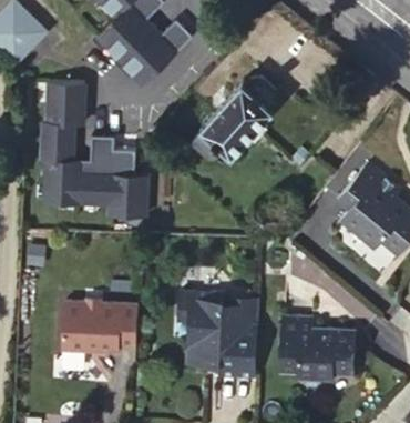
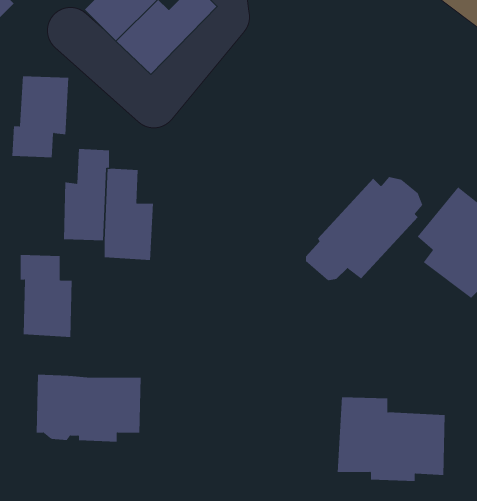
building: [191,80,277,157] -> [305,176,423,281]
building: [42,142,81,203] -> [20,254,73,338]
building: [178,292,259,376] -> none

